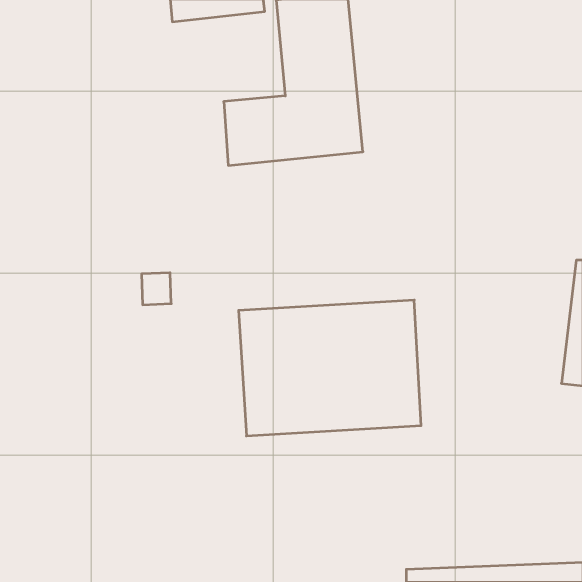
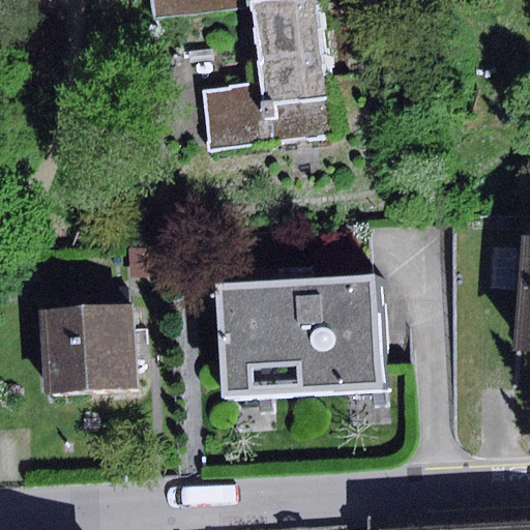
building: none -> [42,306,138,395]

